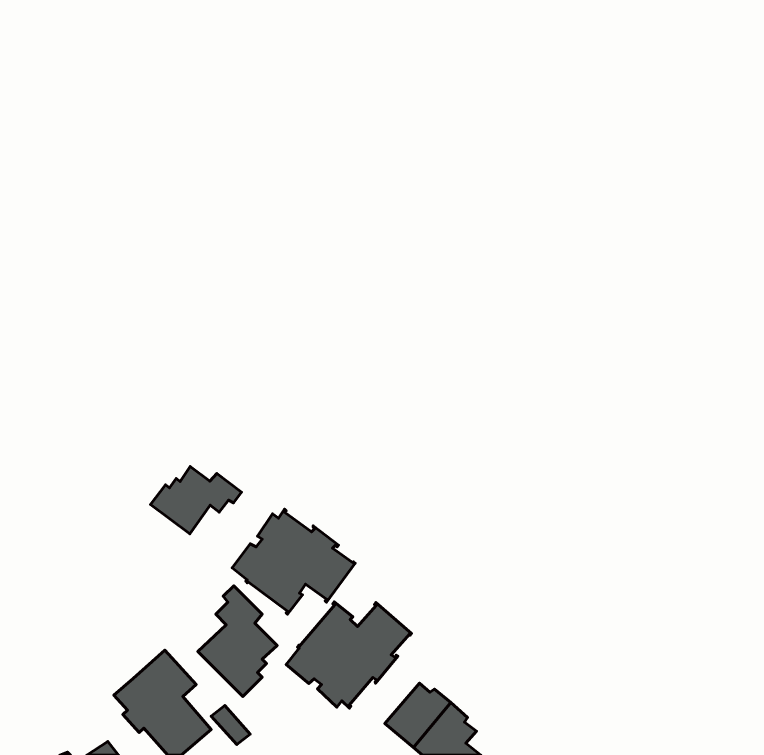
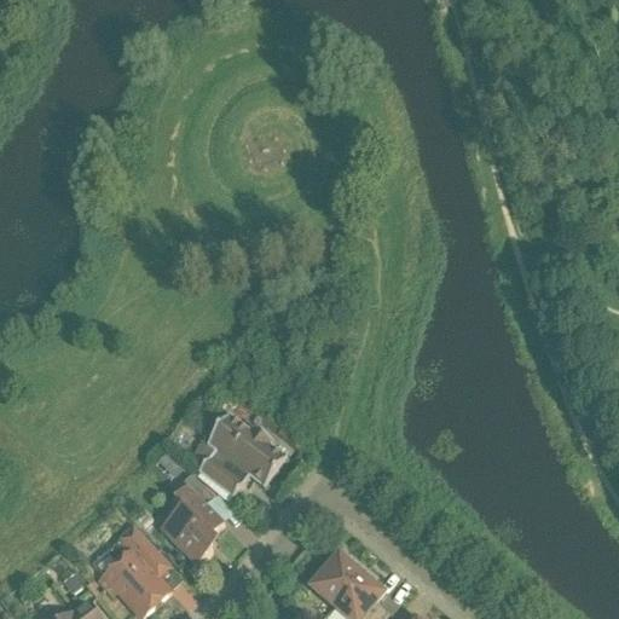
building: [151,467,241,534] -> none
building: [286,602,411,708] -> none

